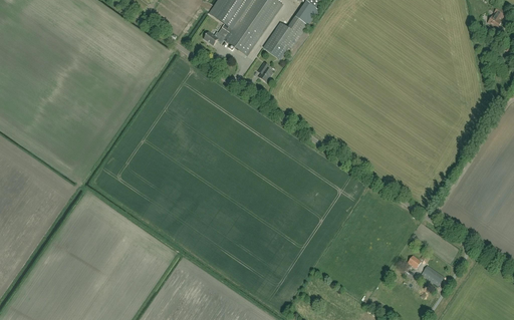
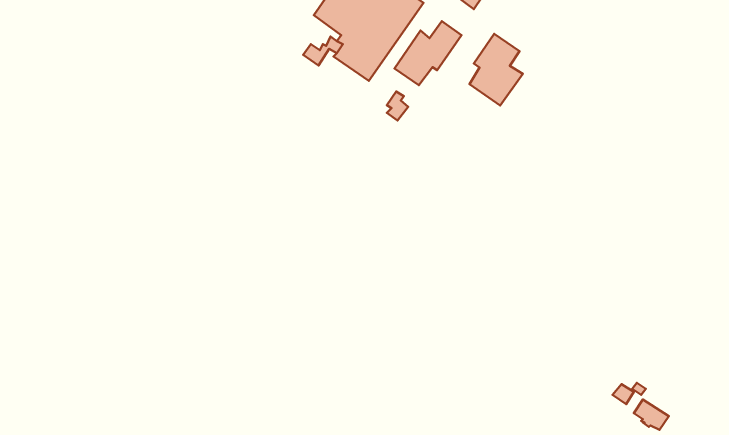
building: none -> [469,34,523,106]

